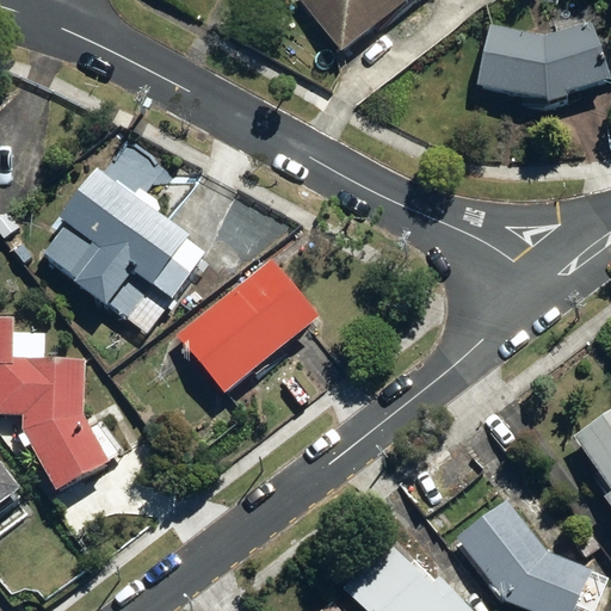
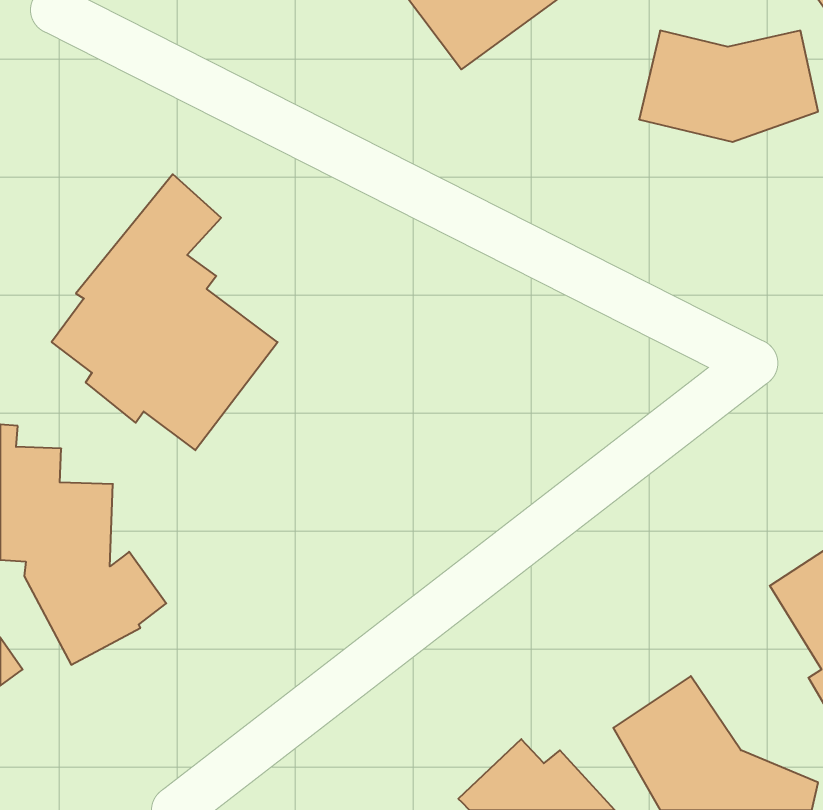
building: [174,258,319,395] -> none

